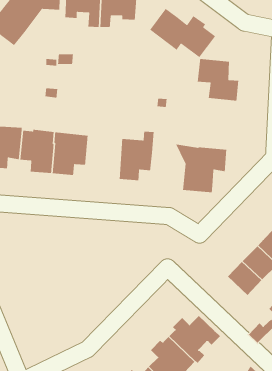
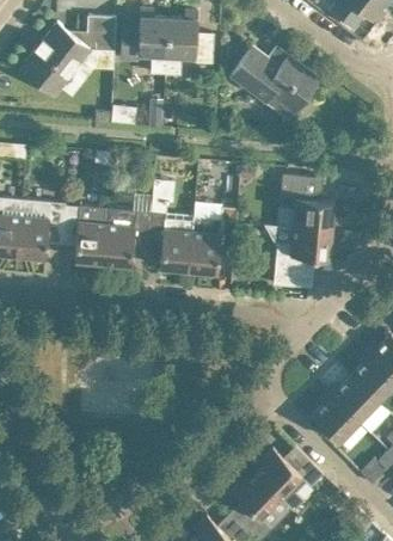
building: [197,58,239,101] -> [278,174,333,230]
building: none -> [147,180,194,270]
building: none -> [311,396,357,442]

